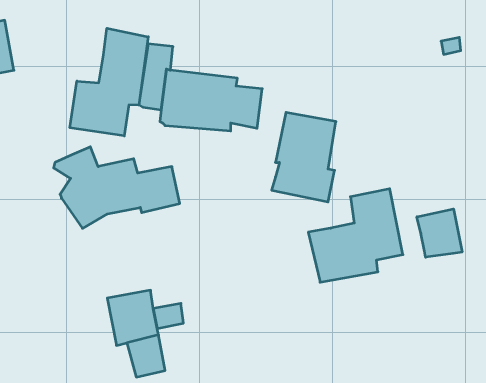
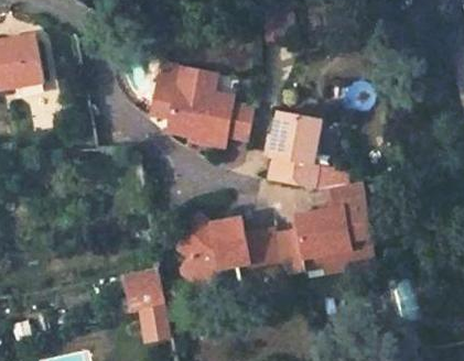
building: [70,28,148,136] -> none
building: [54,147,180,228] -> [175,214,281,282]
building: [417,209,462,257] -> none

